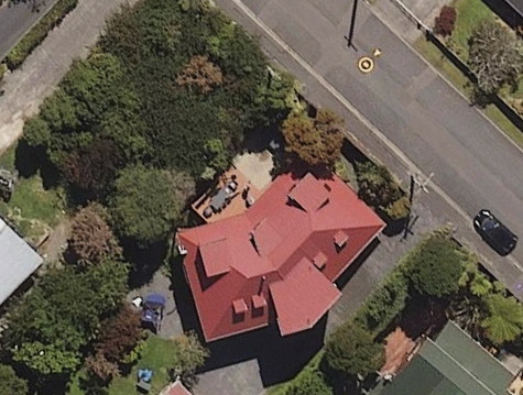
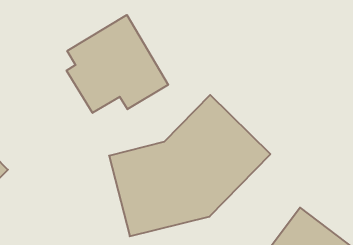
building: none -> [67,15,168,113]

